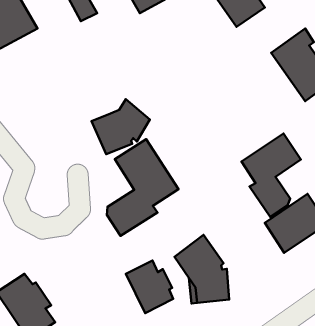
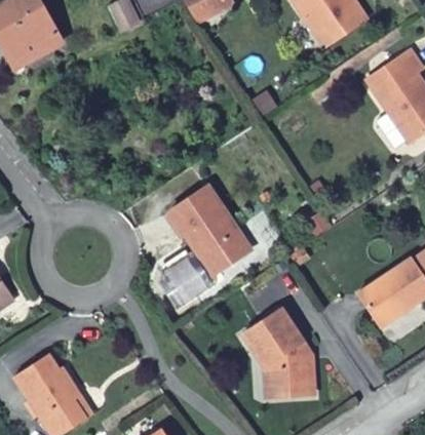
building: [91,99,150,154] -> none
building: [241,134,301,217] -> none
building: [126,261,173,313] -> none

